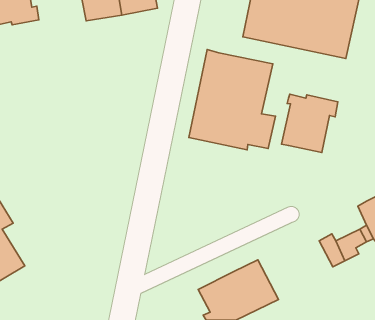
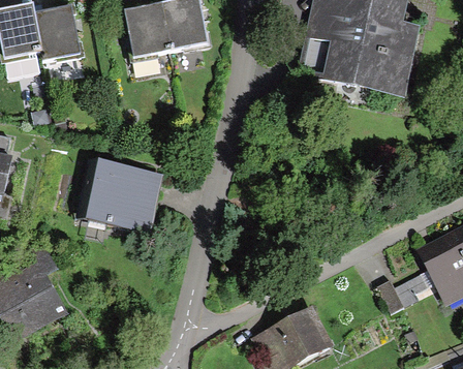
building: [189,50,276,150] -> none
building: [282,94,338,153] -> none
building: none -> [75,157,163,233]

